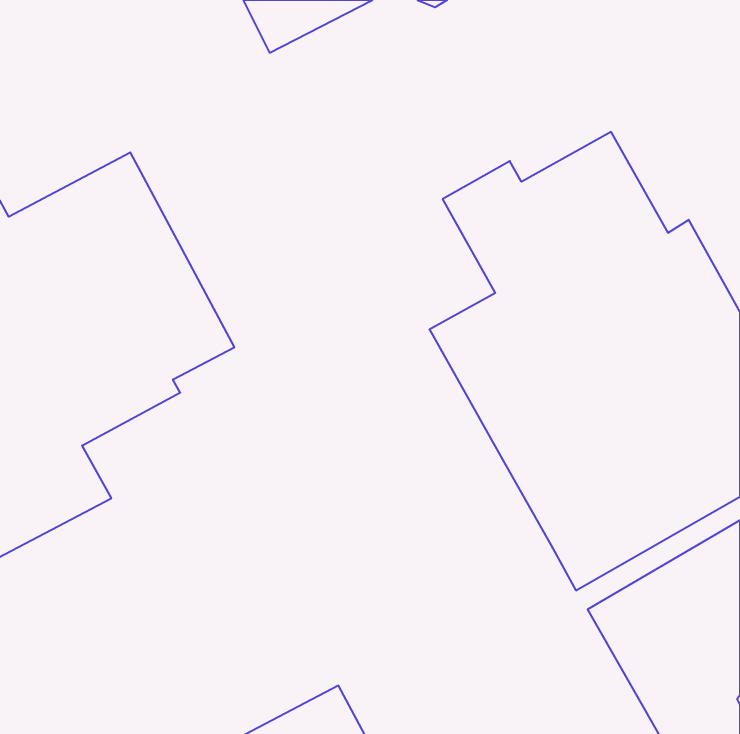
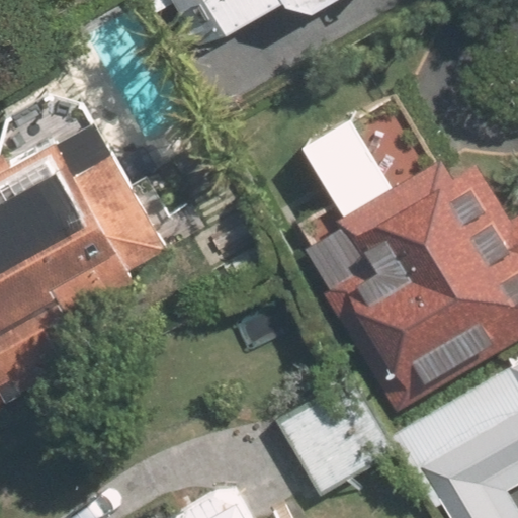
building: none -> [278,380,393,496]

